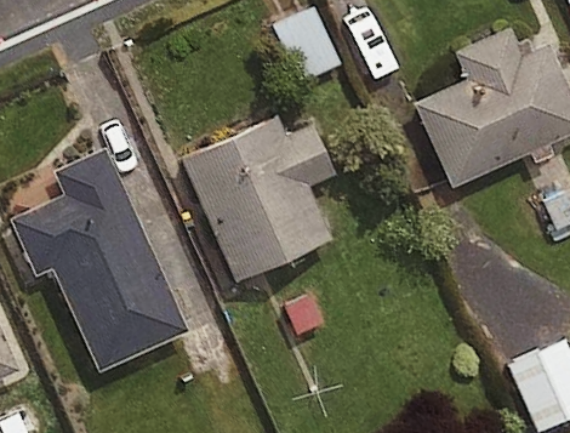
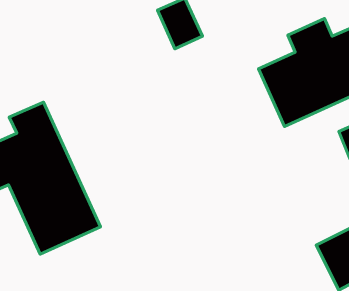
building: [181,118,334,281] -> none

